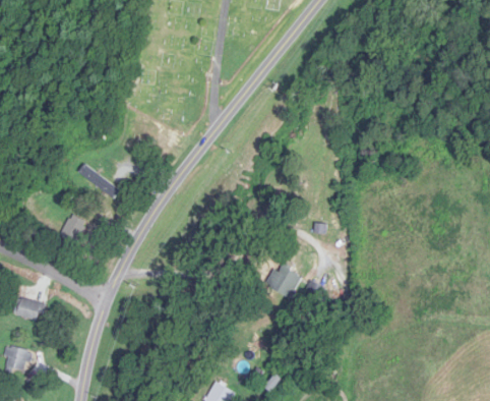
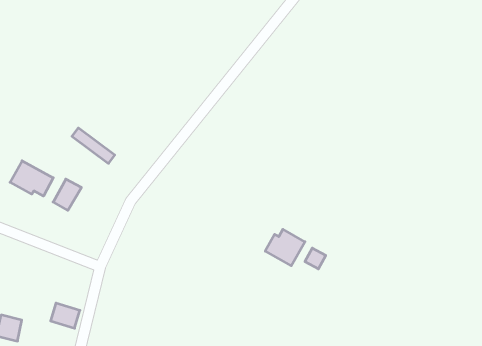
building: none -> [10,161,53,196]
building: [14,296,43,321] -> [51,303,80,328]

